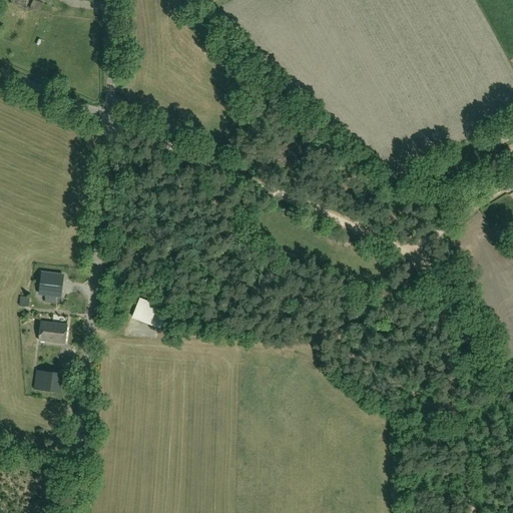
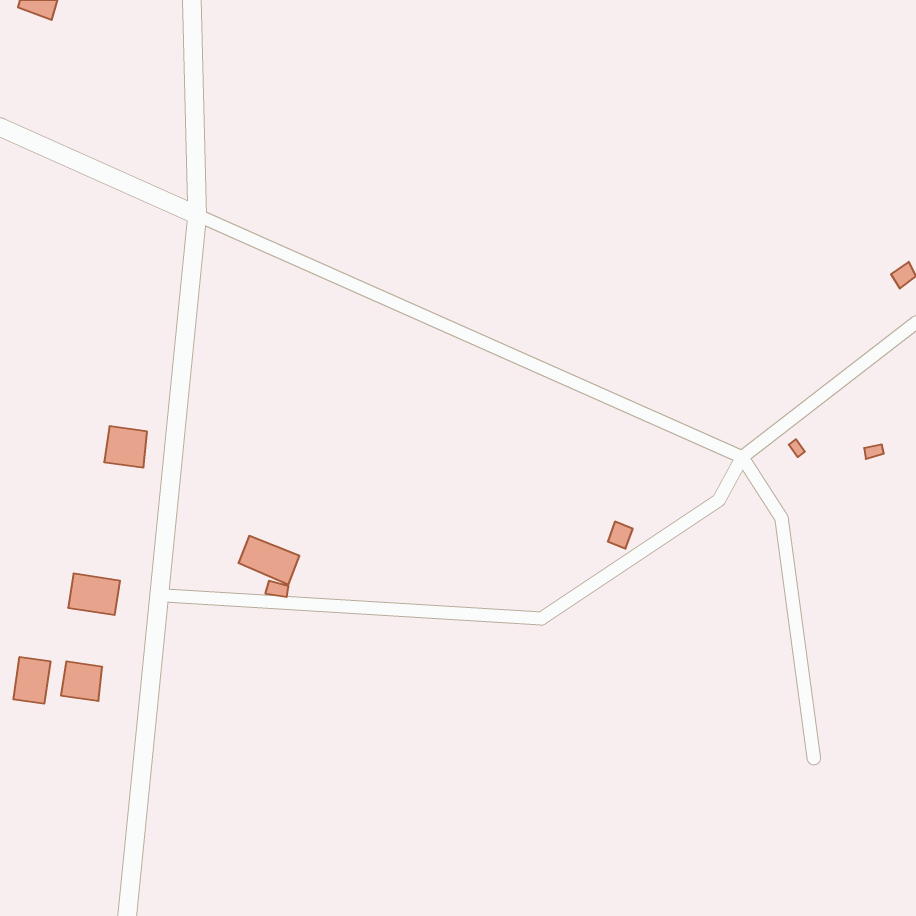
building: [39,273,63,296] -> [104,426,147,467]
building: none -> [13,657,50,704]

